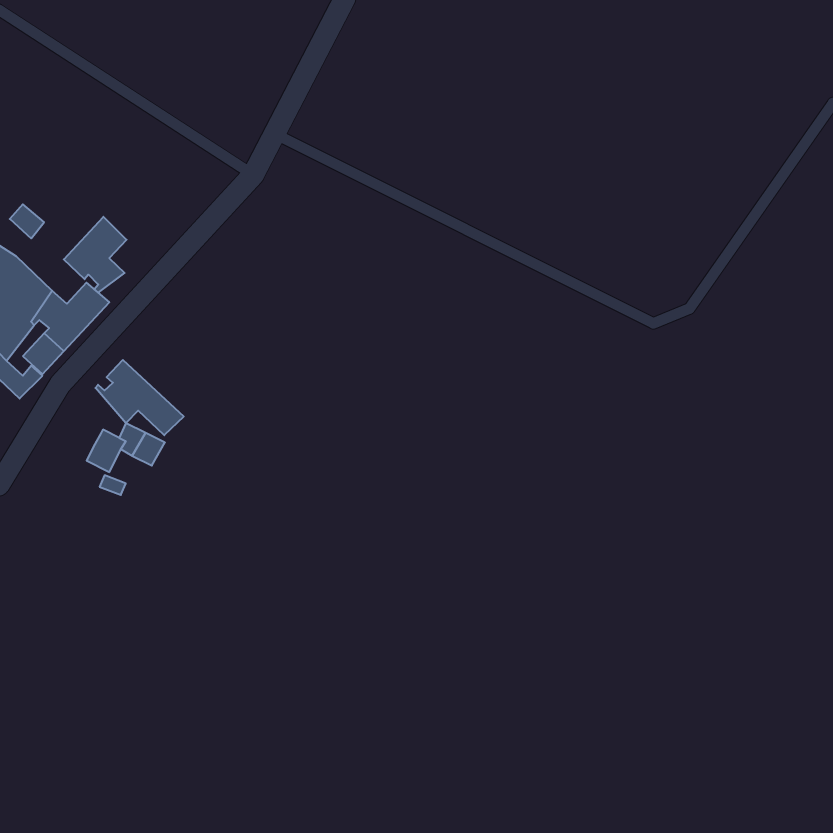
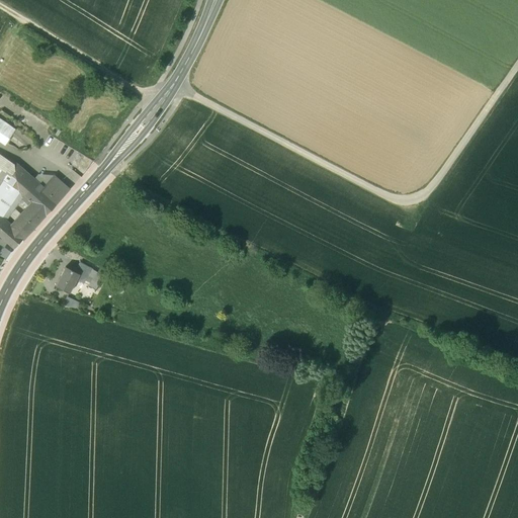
building: [64,217,127,292] -> none
building: [95,360,184,435] -> none

